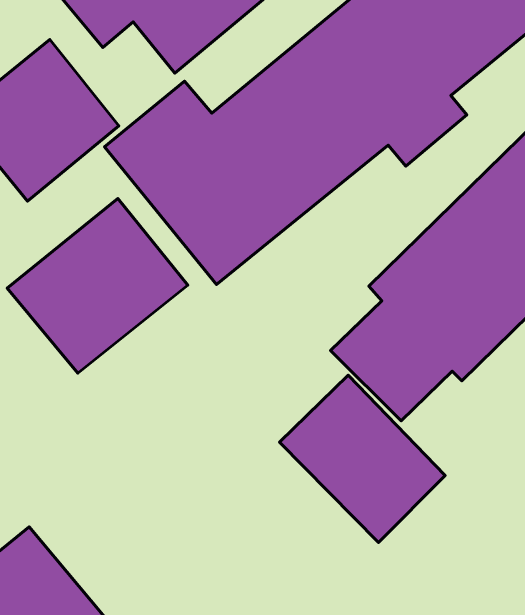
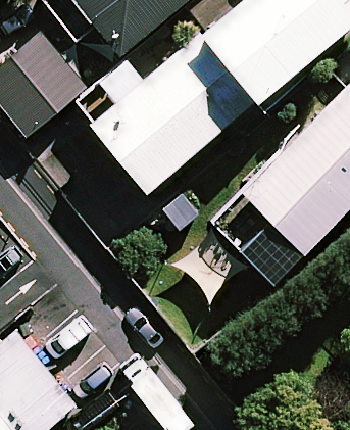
building: [7,198,188,373] -> none
building: [280,375,445,543] -> none

